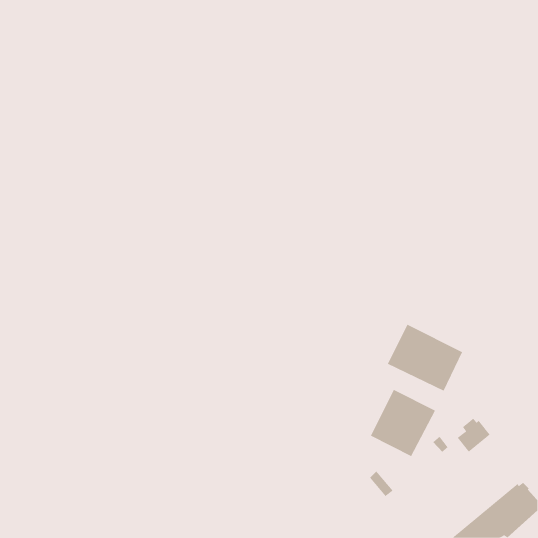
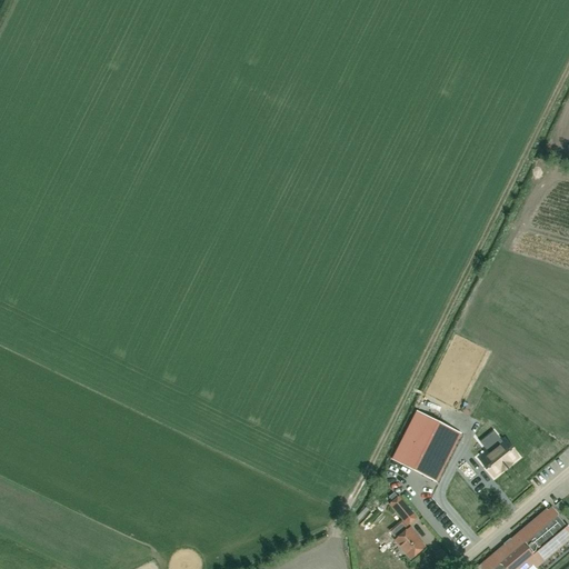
building: [387,324,463,391] -> none
building: none -> [393,527,423,558]

